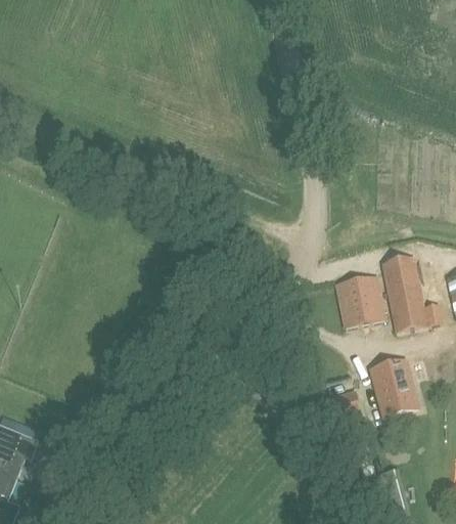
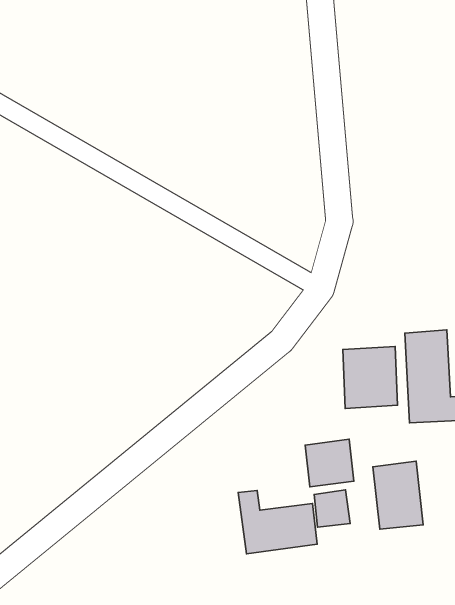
building: none -> [305,439,354,487]
building: none -> [238,490,317,554]

